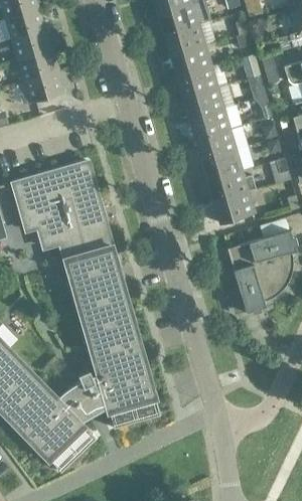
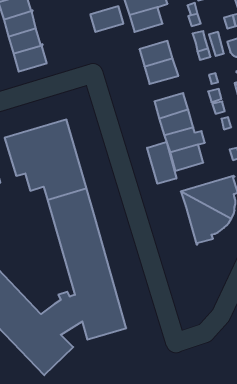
building: [170,44,210,75] -> [90,6,123,32]
building: [188,108,230,139] -> none
building: none -> [147,142,176,184]

